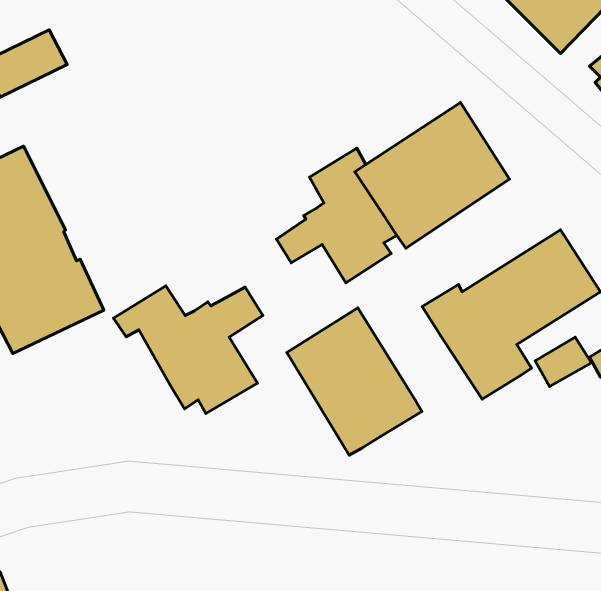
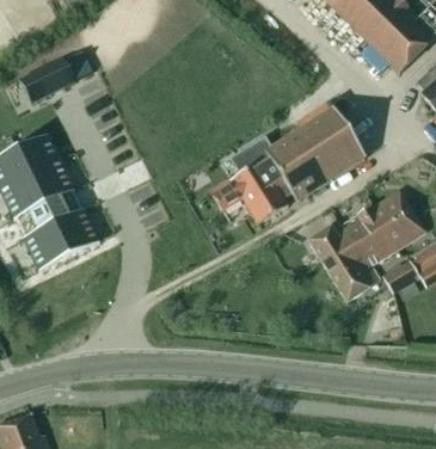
building: [113,286,263,414] -> none
building: [287,308,422,455] -> none

